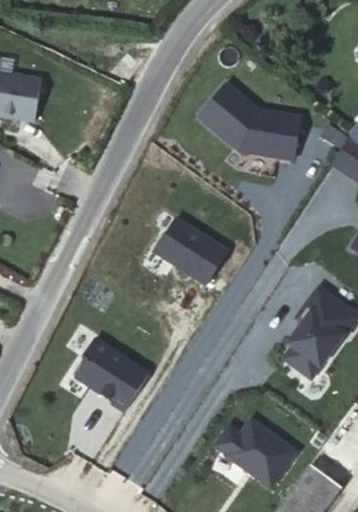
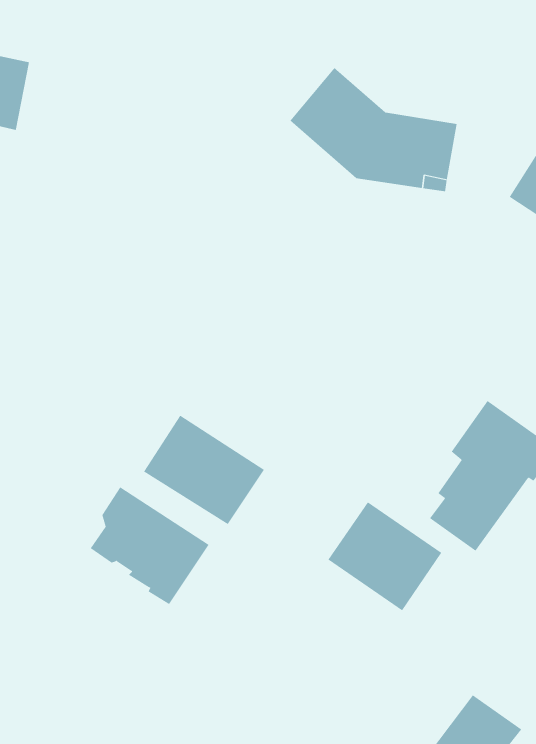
building: [155,219,229,285] -> [143,415,265,525]
building: [227,421,296,488] -> [328,501,442,611]

